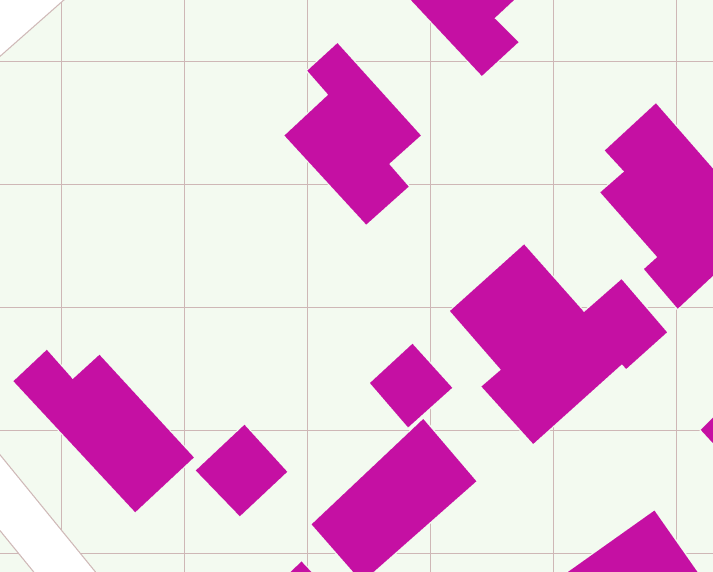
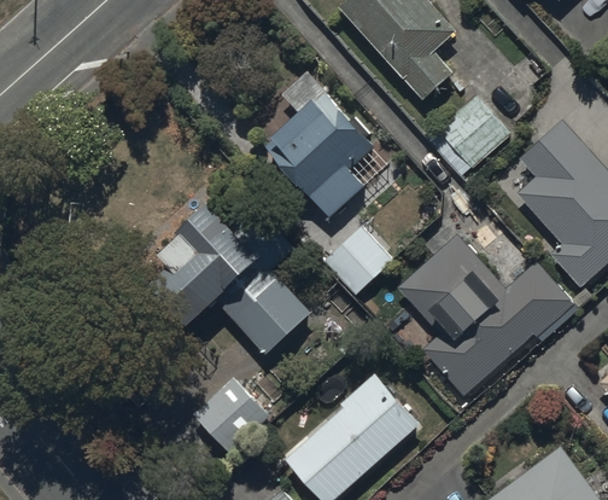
building: none -> [438,95,509,167]
building: none -> [145,197,311,355]
building: [369,343,453,428] -> [322,226,390,295]
building: [13,349,195,513] -> none

